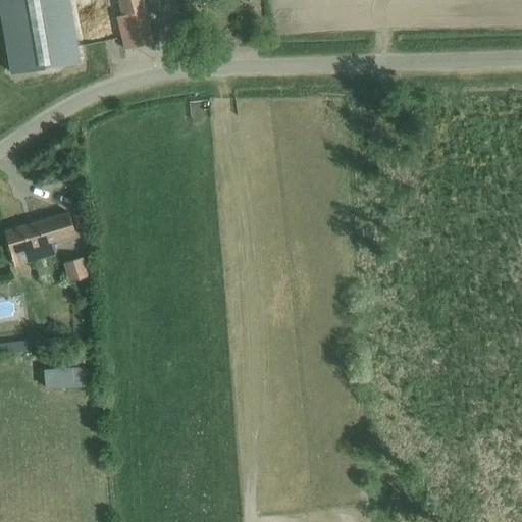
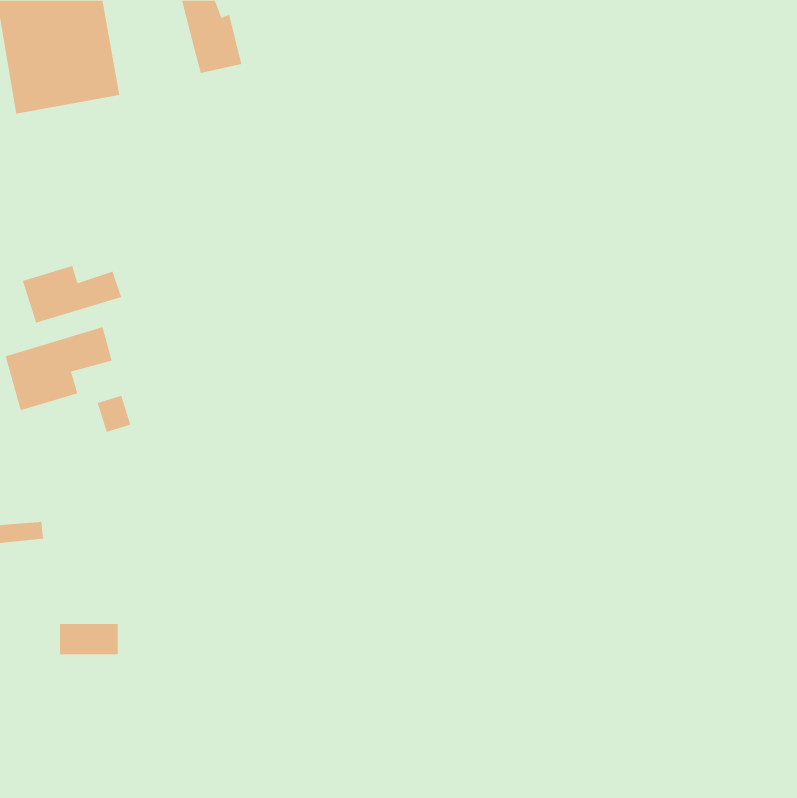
building: none -> [22,265,122,323]
building: [48,363,87,383] -> [59,623,118,655]

